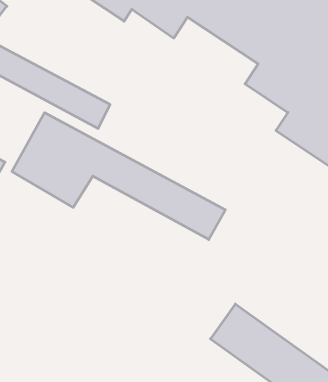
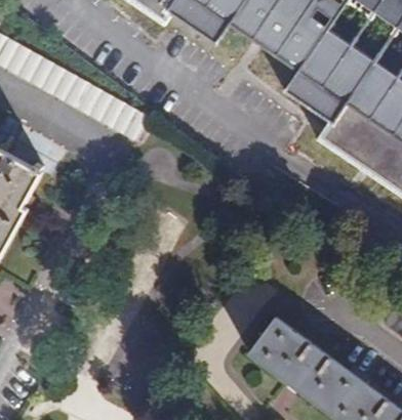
building: [12,113,225,240] -> none

